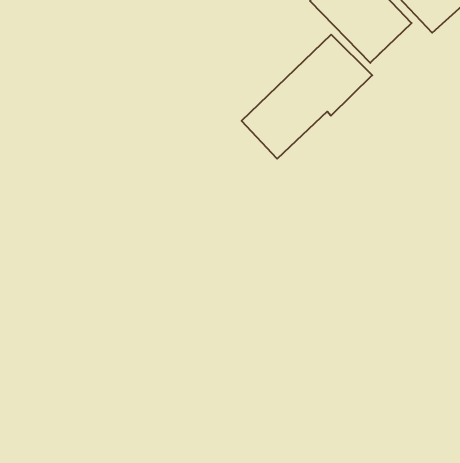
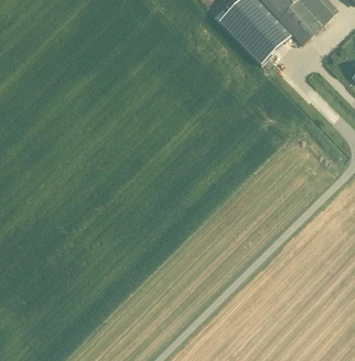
building: [242,35,372,159] -> none

